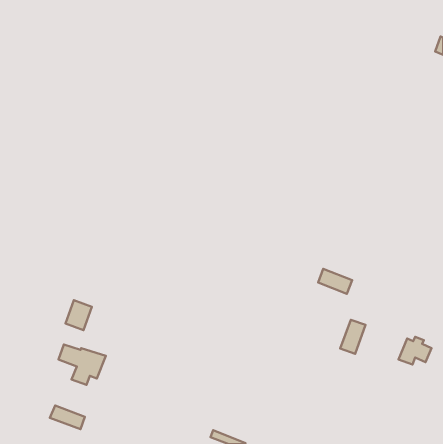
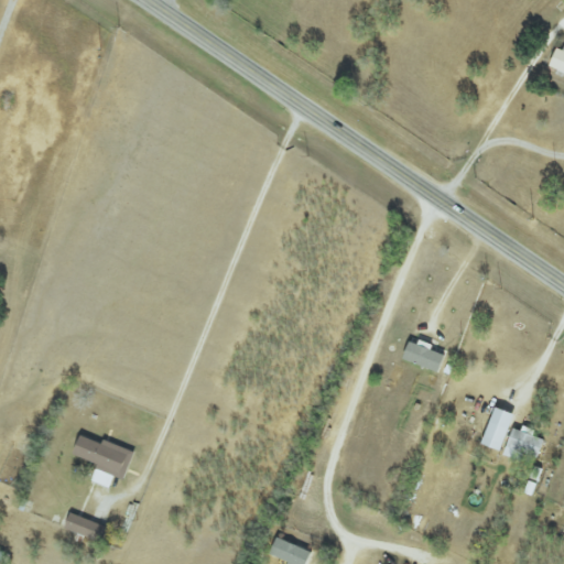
building: [66,300,92,330] -> none
building: [340,320,366,354] -> [482,406,514,449]

